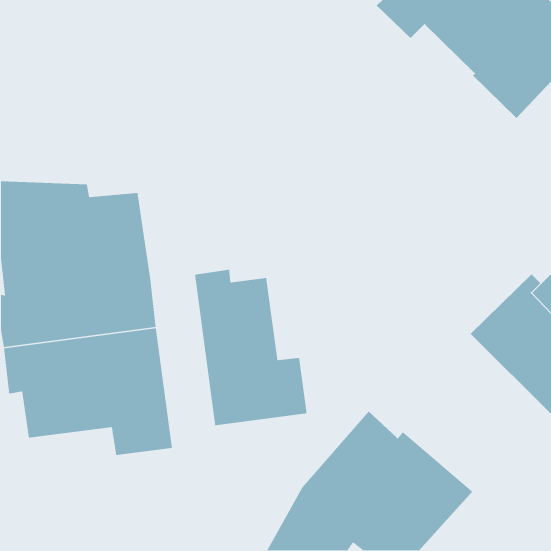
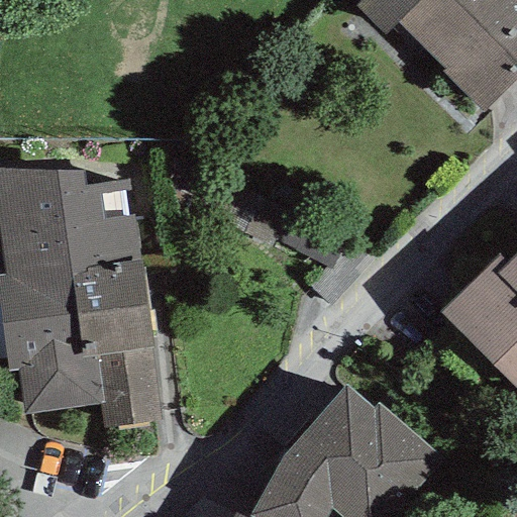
building: [194,269,307,426] -> none

